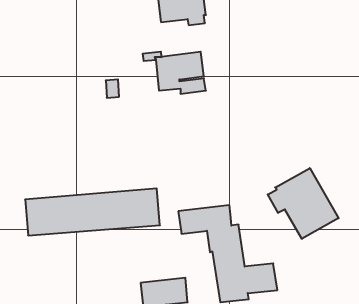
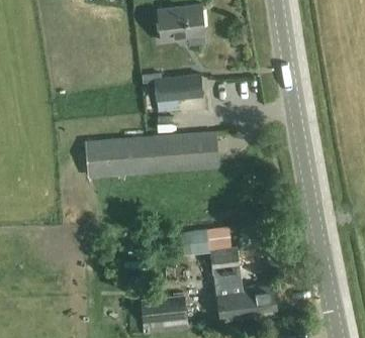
building: [268,168,339,239] -> none
building: [25,188,160,235] -> [85,130,218,177]

